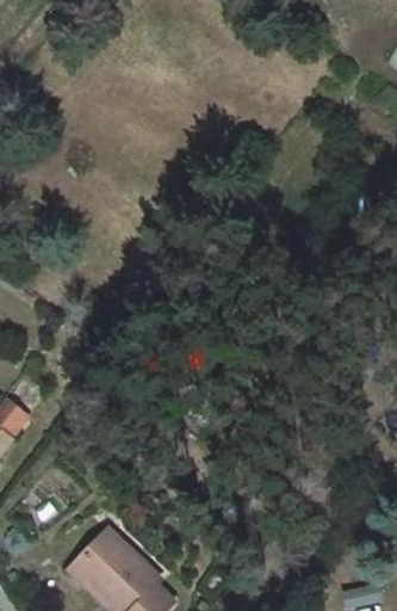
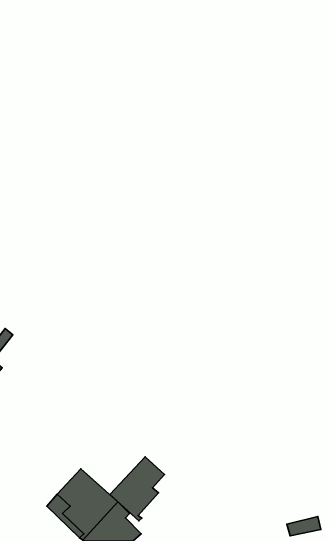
building: none -> [110,457,165,521]

